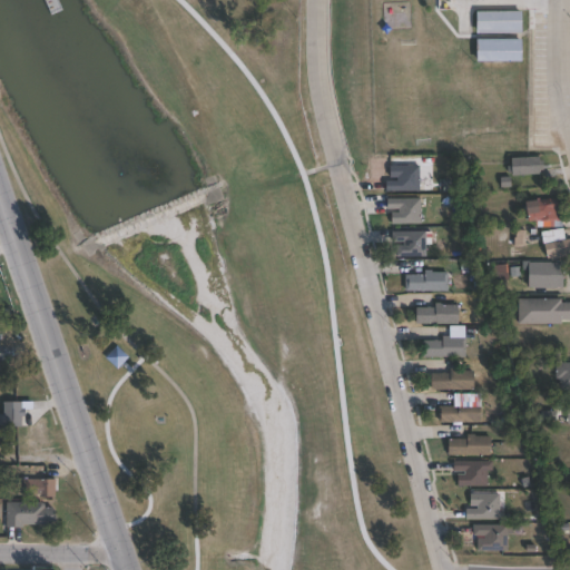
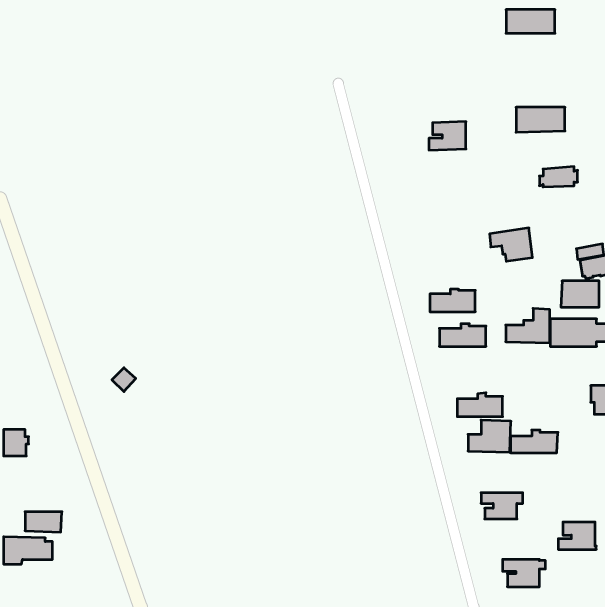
building: [476,37,522,60] -> [516,107,565,132]
building: [385,165,420,191] -> [429,122,466,150]
building: [522,197,562,228] -> [490,228,532,261]
building: [386,198,422,224] -> none
building: [392,232,425,256] -> none
building: [424,325,465,357] -> [506,308,550,343]
building: [446,434,491,455] -> [510,430,558,453]
building: [465,492,501,518] -> [558,522,596,549]

